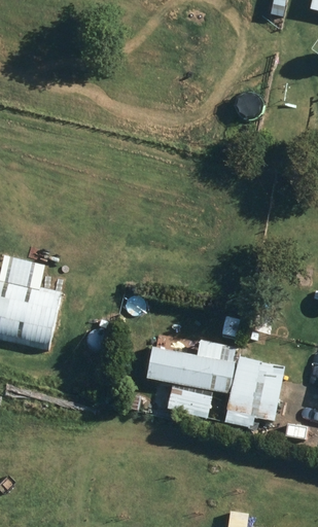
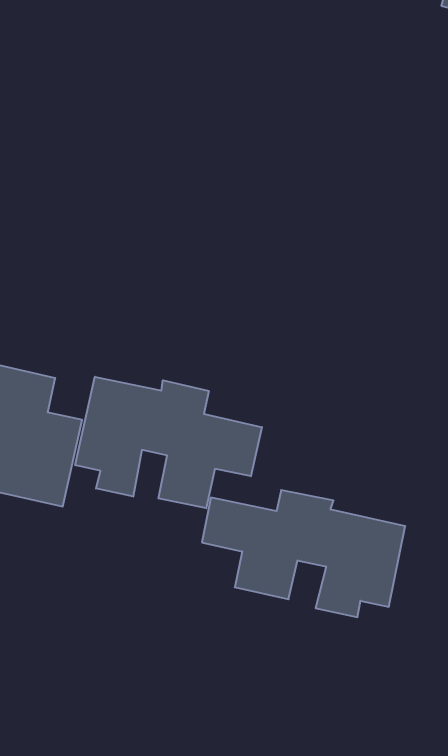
building: none -> [75,377,262,508]

